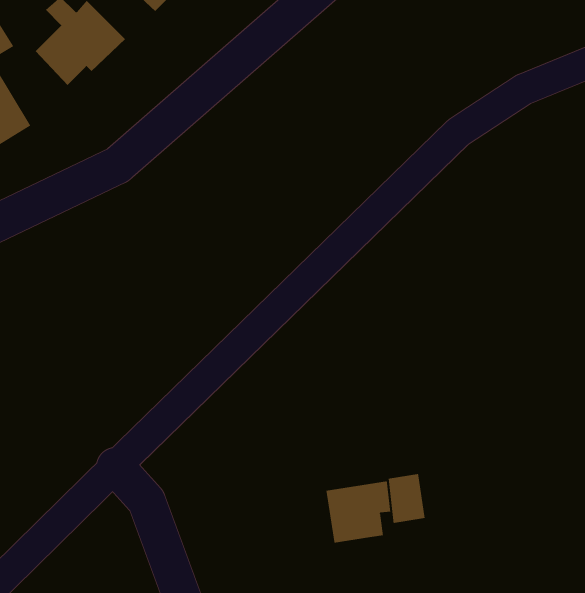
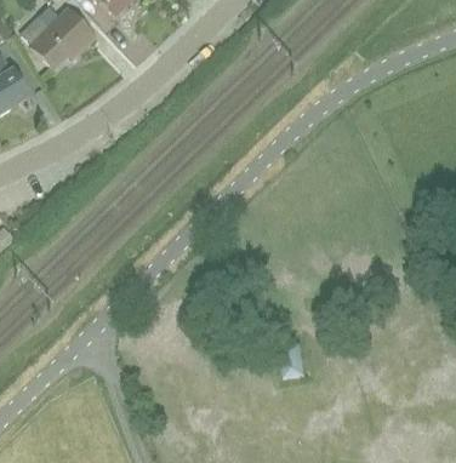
building: [326,481,391,543] -> none

